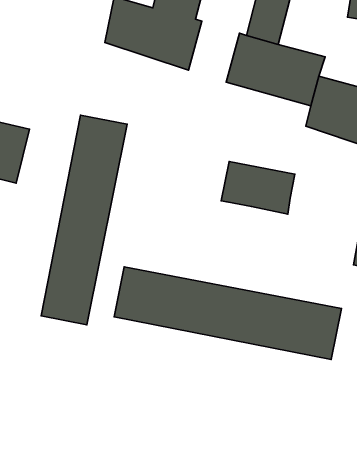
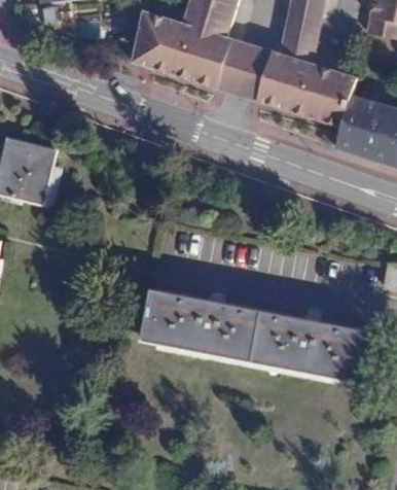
building: none -> [216,40,267,102]
building: [41,115,127,325] -> none
building: [221,161,295,214] -> none

